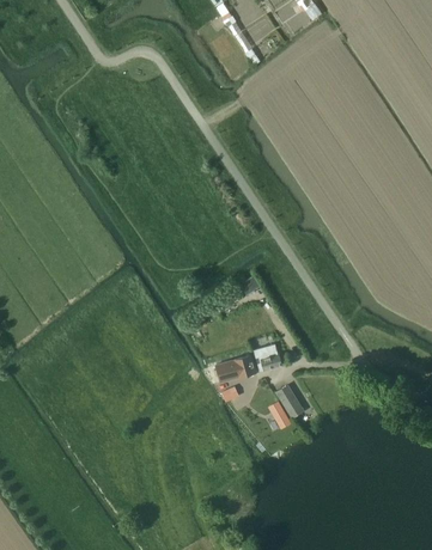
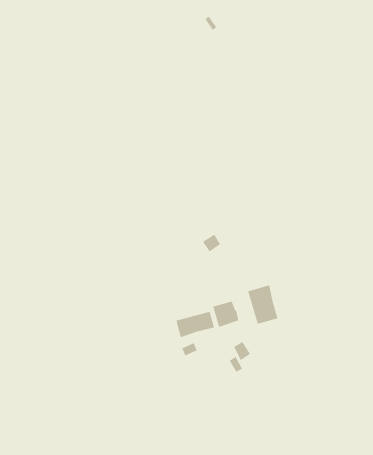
building: none -> [247,284,278,325]

